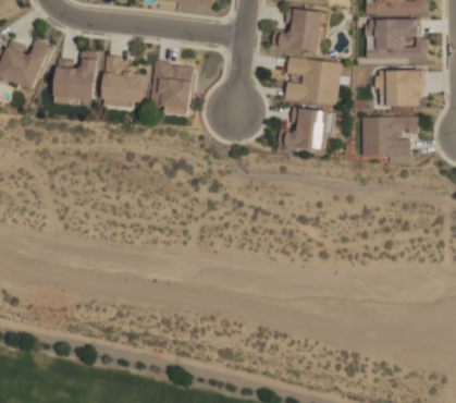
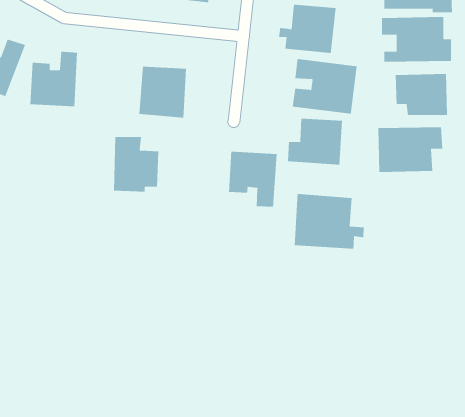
building: [103,58,144,107] -> [113,136,159,192]
building: none -> [229,151,277,207]
building: none -> [294,193,364,250]

